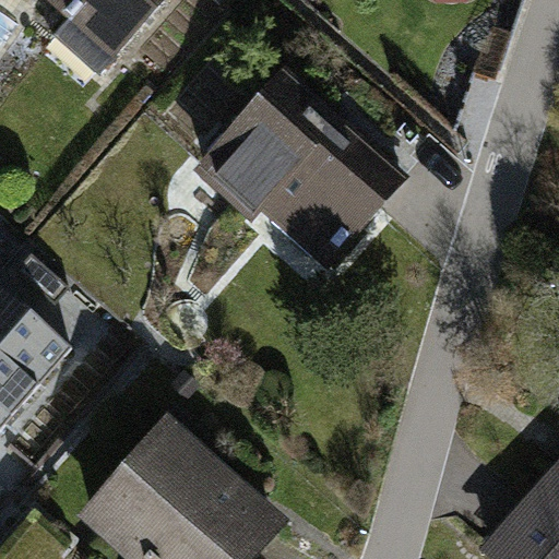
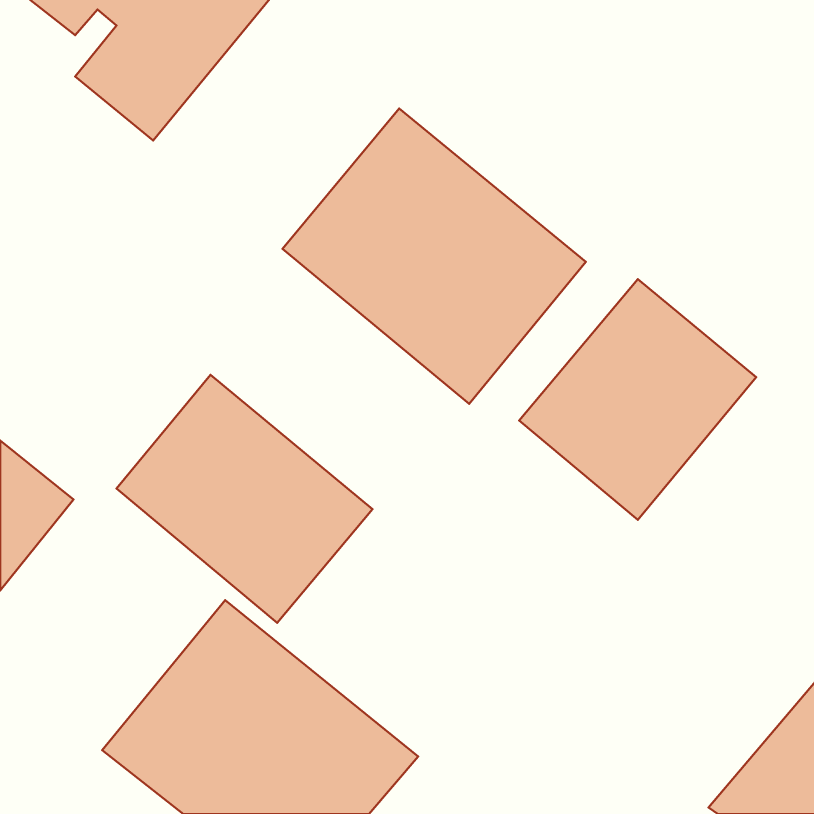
building: none -> [519,279,756,520]
building: none -> [117,375,373,623]

